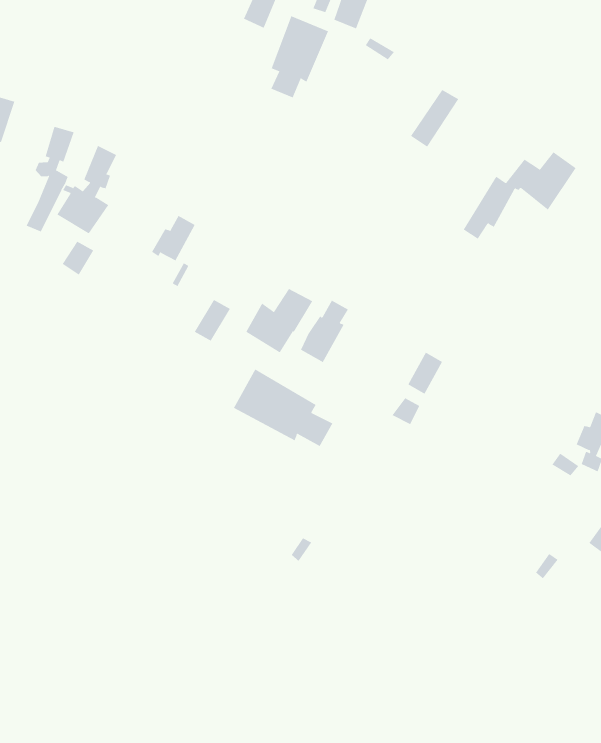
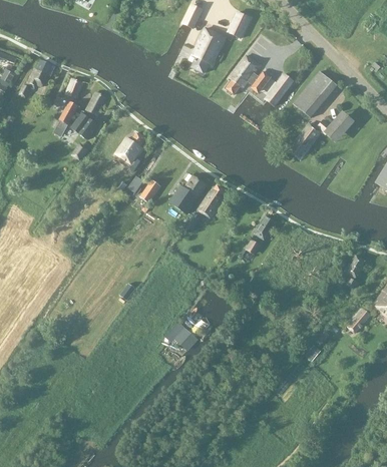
building: none -> [227,55,272,94]
building: none -> [294,71,338,118]
building: [233,369,333,447] -> none
building: none -> [166,321,200,351]

